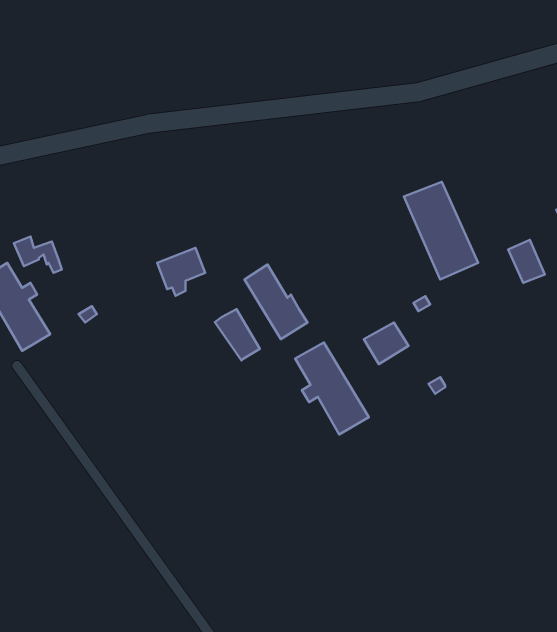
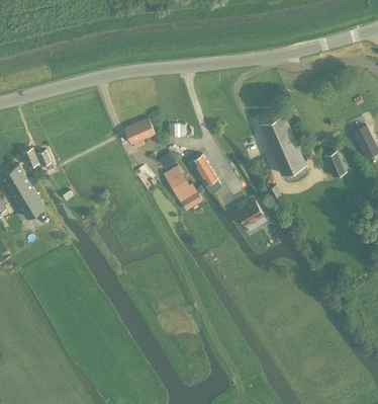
building: [157,248,205,296] -> [125,118,155,148]
building: [215,309,260,360] -> [189,155,216,186]
building: [295,343,369,435] -> none

